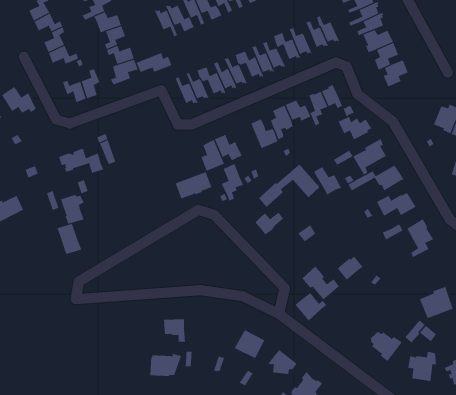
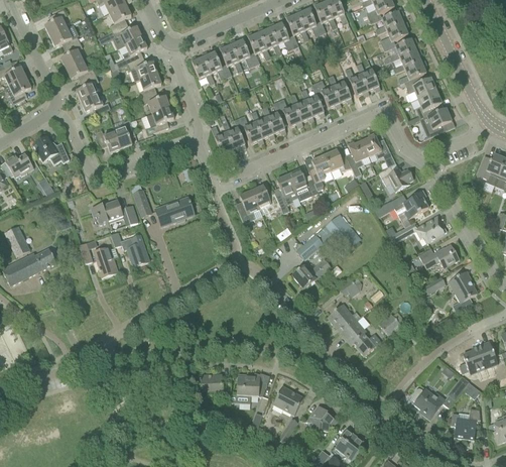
building: [136,52,172,73] -> none
building: [221,163,245,201] -> [274,173,299,213]
building: [313,166,342,196] -> none
building: [175,172,212,199] -> [155,197,194,225]
building: [57,223,82,255] -> [123,234,149,266]
building: [295,292,327,322] -> [327,303,360,333]
building: [149,353,182,377] -> [236,372,269,396]

